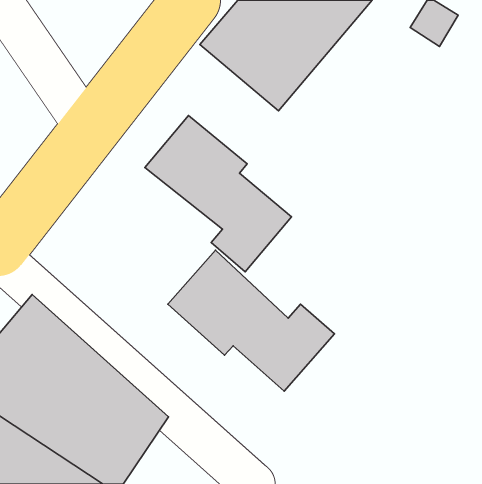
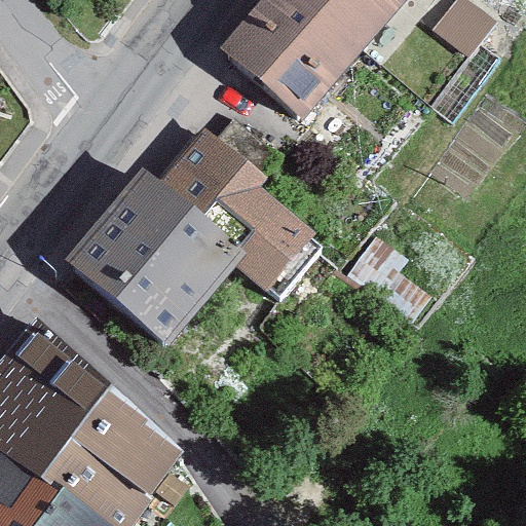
building: none -> [66,170,241,343]
building: [168,250,335,391] -> none

